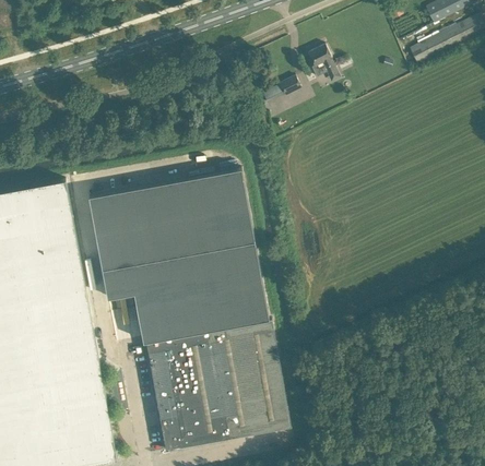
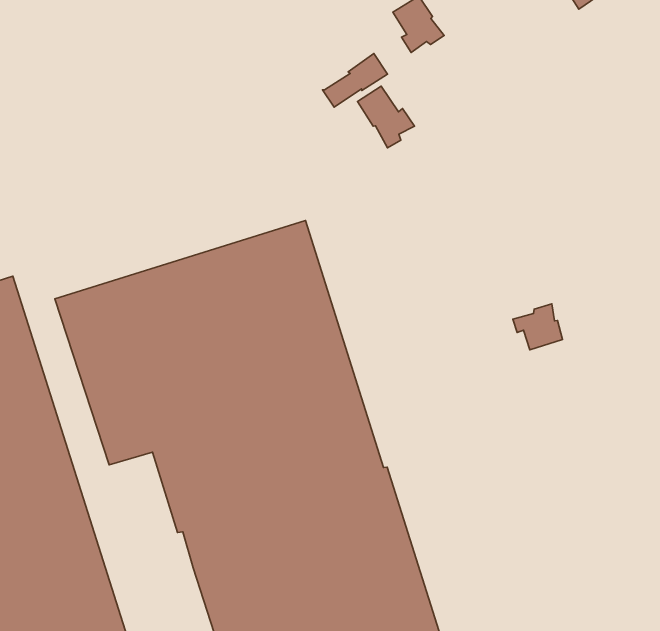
building: none -> [358,86,415,148]
building: none -> [513,304,563,350]

